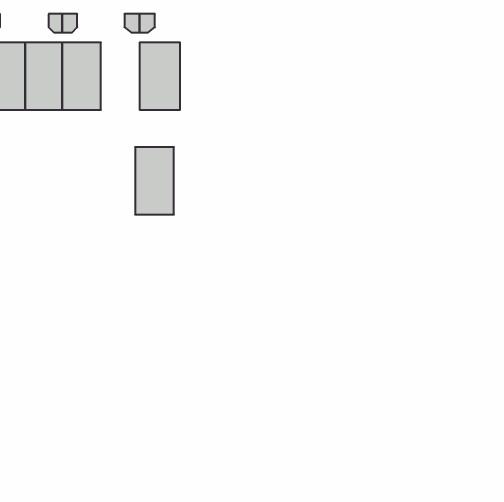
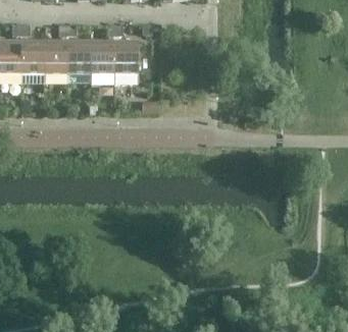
building: [135,147,174,215] -> [92,40,115,80]

